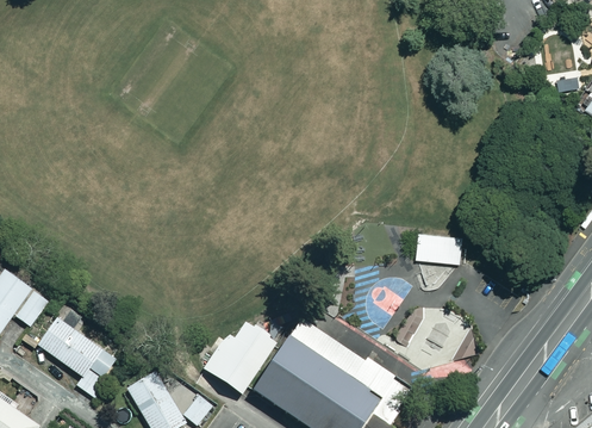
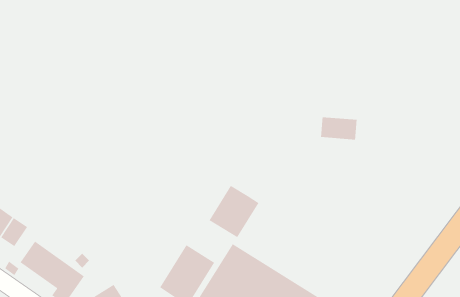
building: [417,232,463,262] -> [320,116,358,141]
building: none -> [208,185,259,238]

